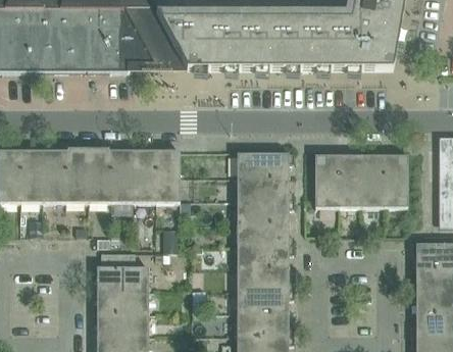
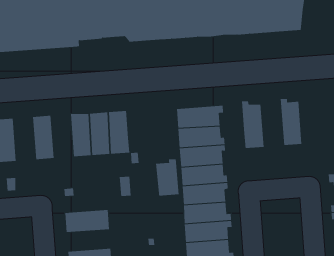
building: [44,150,66,201] -> none
building: [89,150,111,201] -> none
building: [338,150,360,206] -> none
building: [383,150,406,207] -> none
building: none -> [155,158,179,196]
building: [96,290,148,312] -> none

